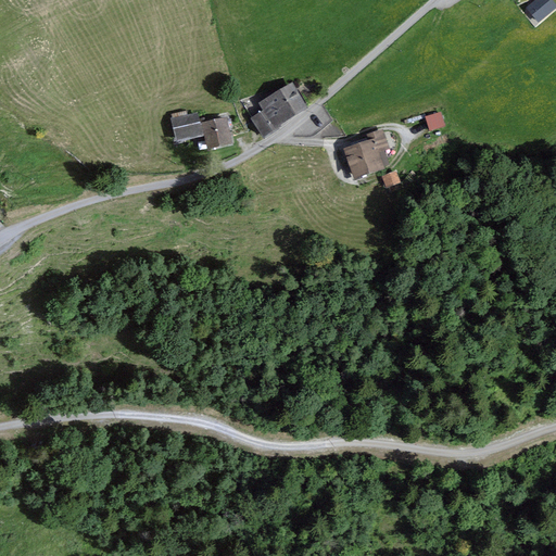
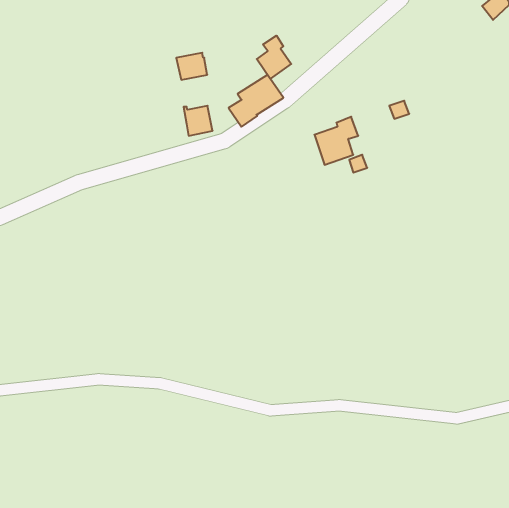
building: none -> [257,36,291,79]
building: [169,111,203,140] -> [176,53,207,80]

